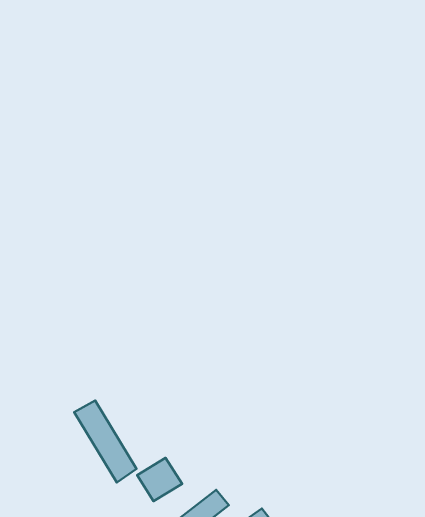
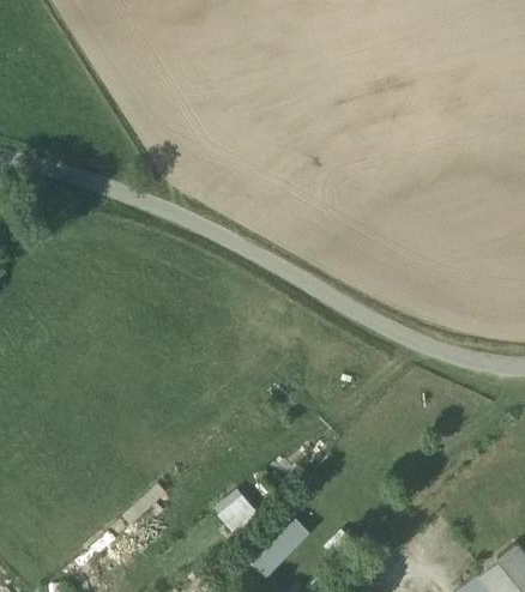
building: [74,401,136,482] -> none

